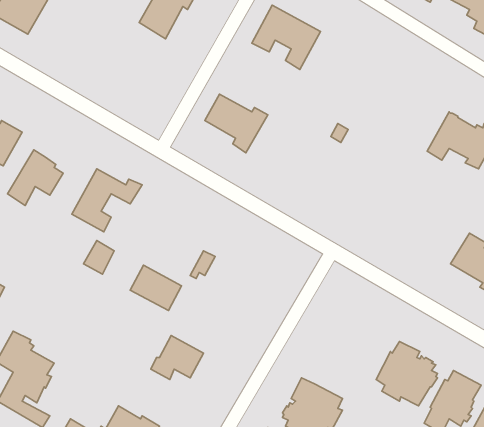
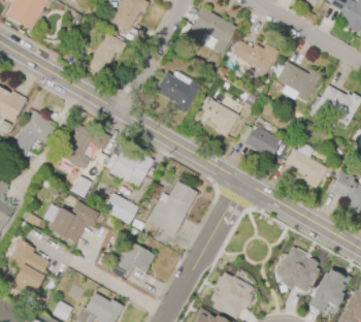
building: none -> [88,32,126,73]
building: none -> [232,40,280,79]
building: none -> [276,62,321,102]
building: none -> [202,99,239,137]
building: none -> [242,125,282,162]
building: none -> [286,149,327,189]
building: none -> [109,152,155,183]
building: none -> [146,181,198,236]
building: none -> [43,201,100,243]

